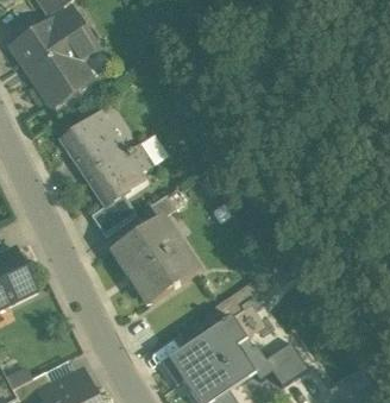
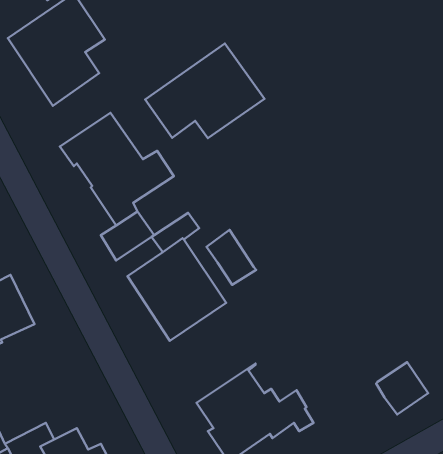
building: none -> [145,43,264,138]
building: none -> [206,230,256,285]
building: [264,342,308,386] -> [376,362,428,414]

